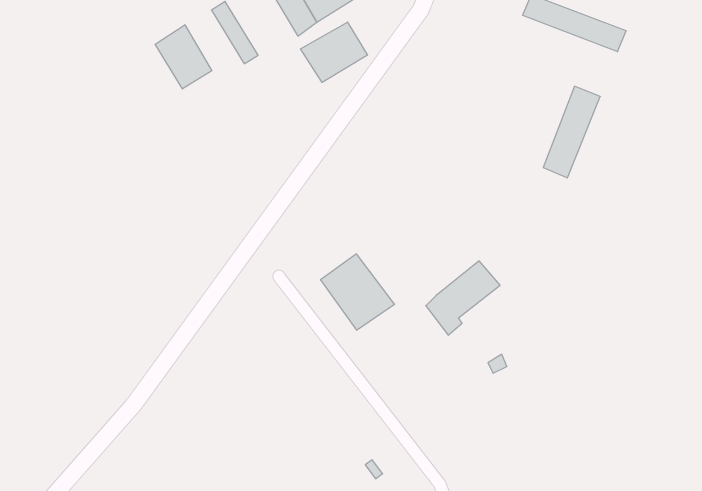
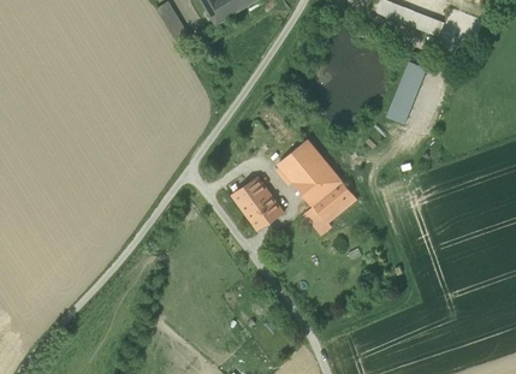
building: [301,22,368,82] -> none
building: [155,25,212,89] -> none
building: none -> [274,141,342,207]

